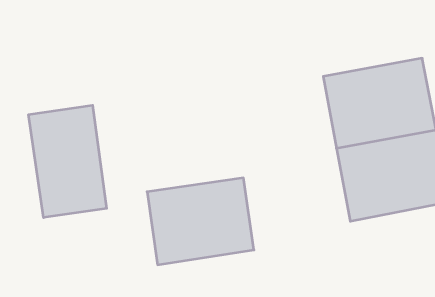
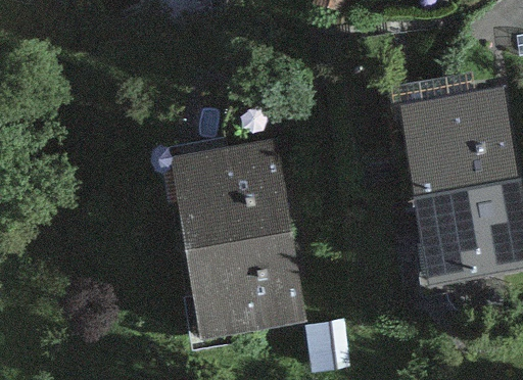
building: [29,105,107,218] -> none
building: none -> [170,141,296,242]

